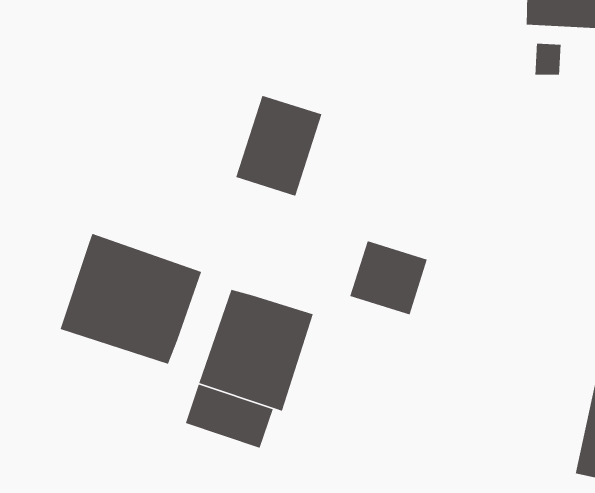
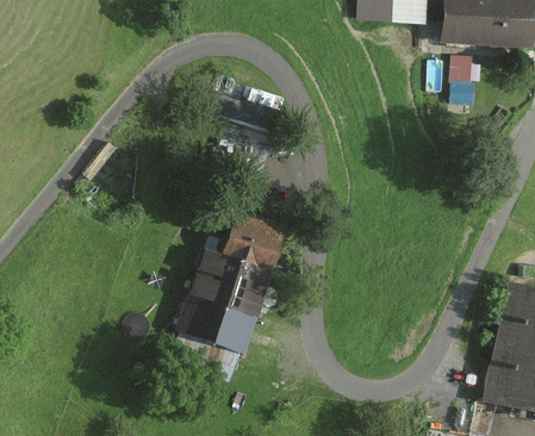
building: [59,233,202,365] -> none
building: [349,240,428,316] -> [224,211,287,272]

